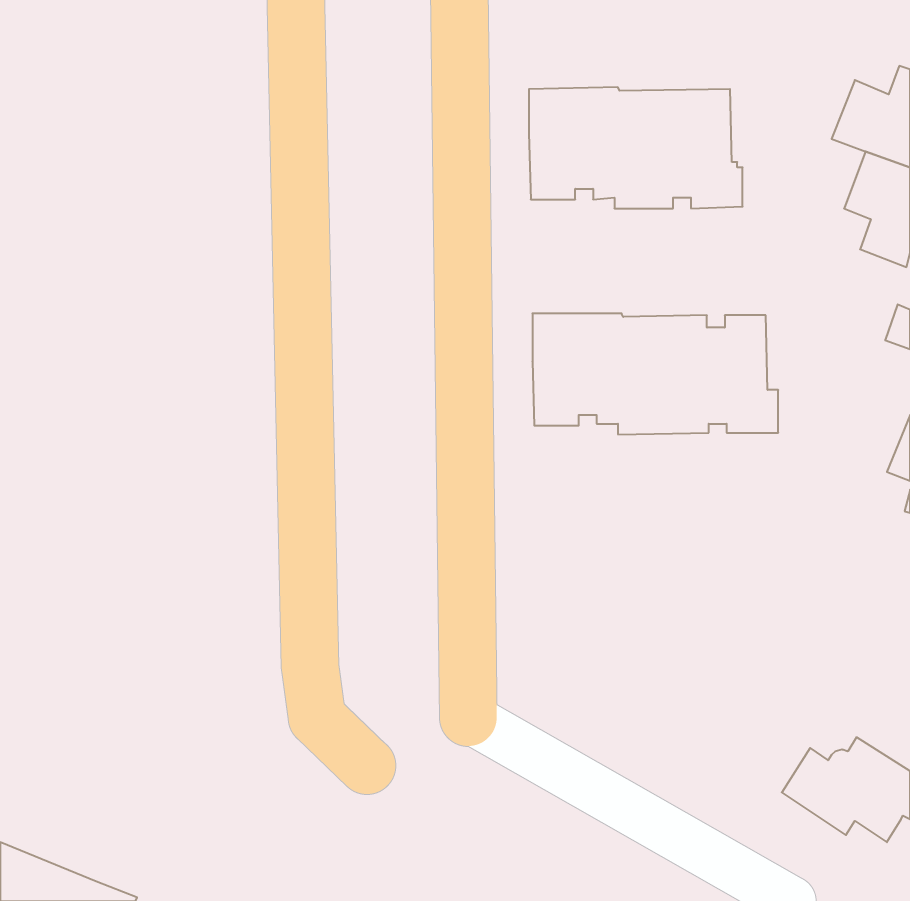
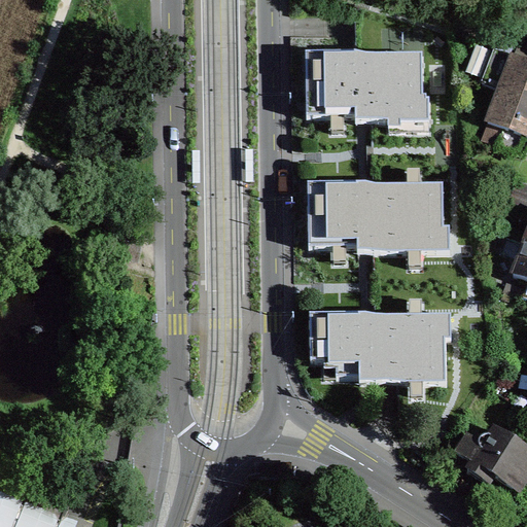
building: none -> [310,311,451,382]

